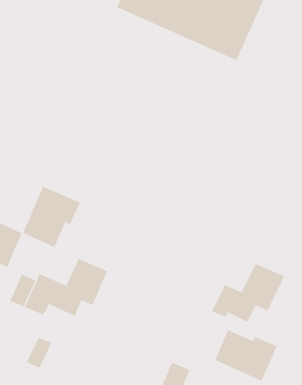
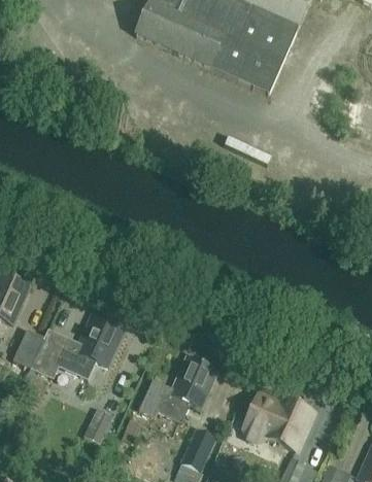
building: [22,186,80,248] -> none
building: [212,263,285,322] -> [138,353,219,419]
building: [26,337,52,369] -> [83,408,112,443]

